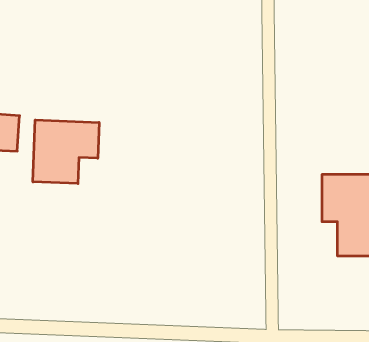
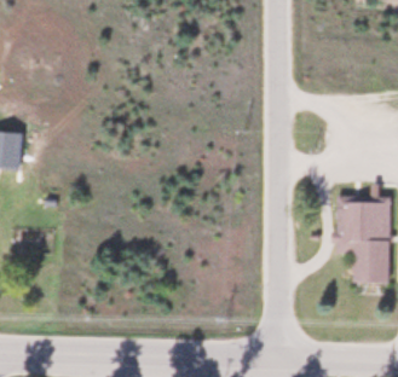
building: [33,120,99,184] -> none

